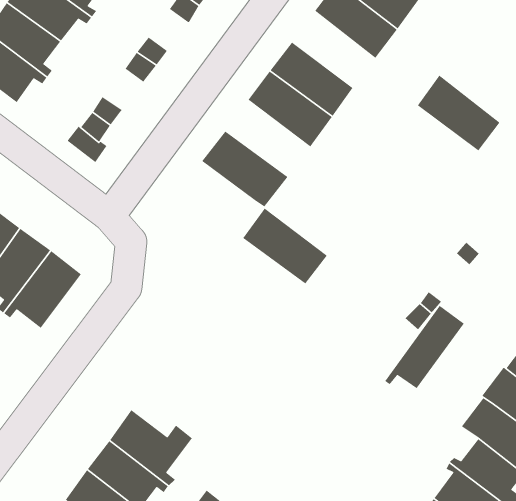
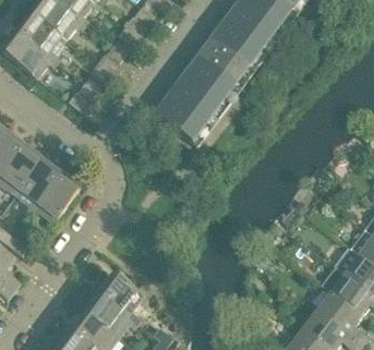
building: [417,75,501,152] -> [214,17,267,67]
building: [242,207,328,284] -> [171,74,226,123]
building: [384,305,465,389] -> none

